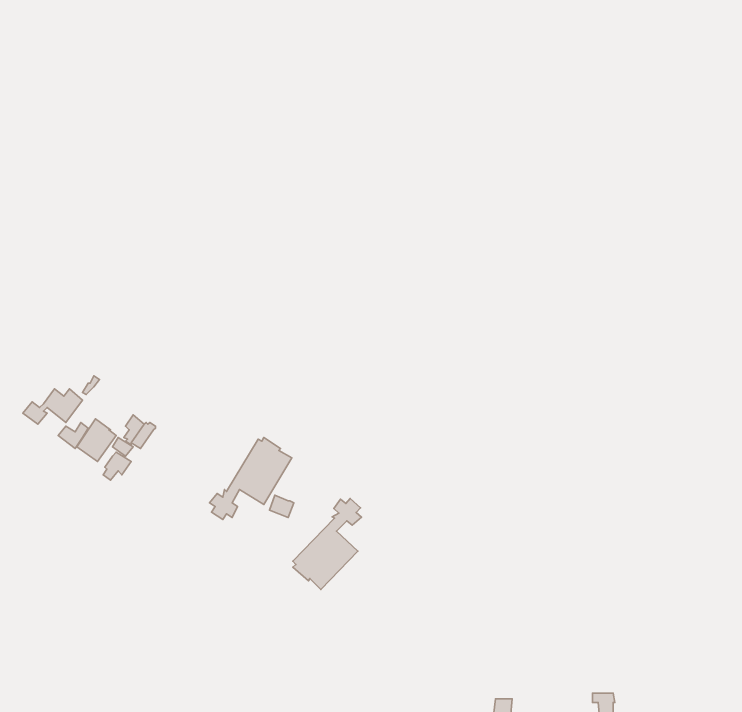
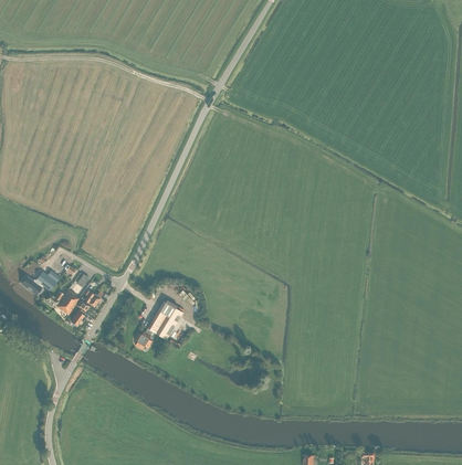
building: [293,499,361,589] -> none

